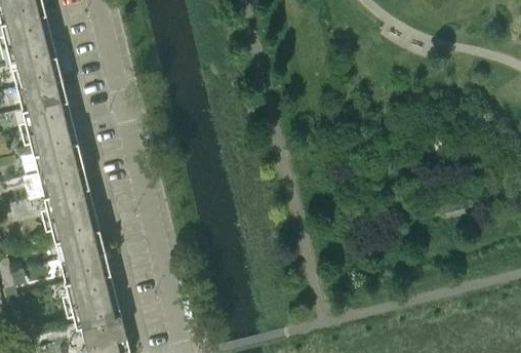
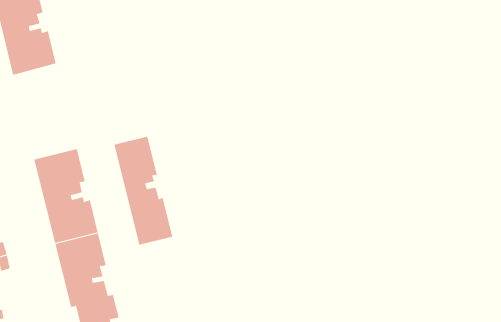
building: [15,80,82,179] -> none
building: none -> [114,136,173,245]

